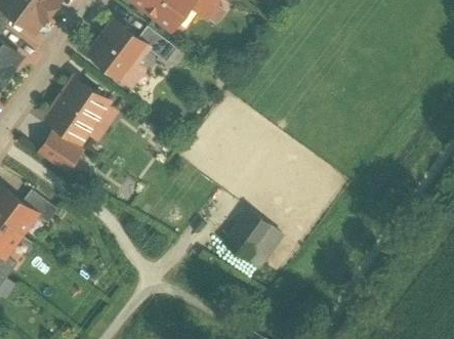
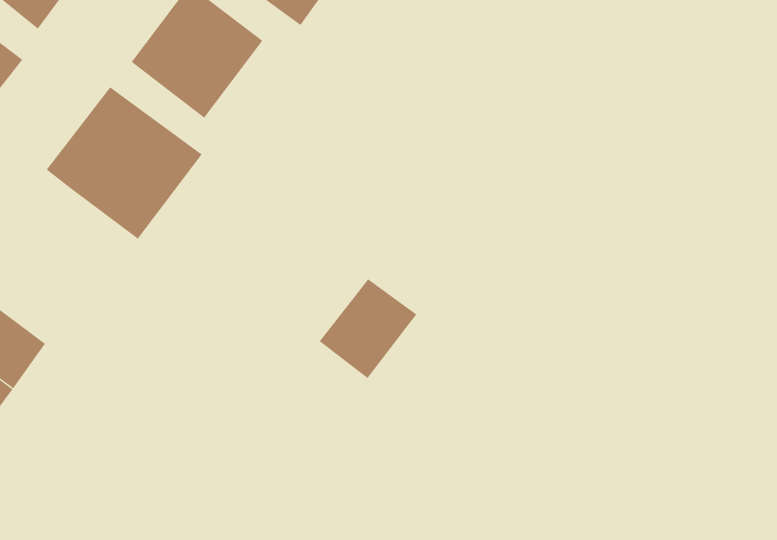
building: [36,127,90,177] -> none
building: [233,215,286,269] -> [319,279,417,379]

